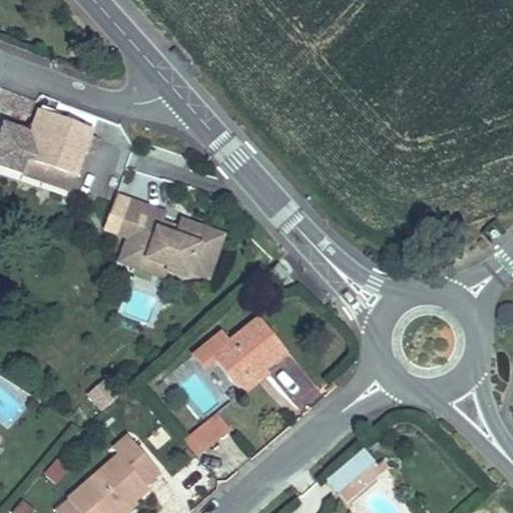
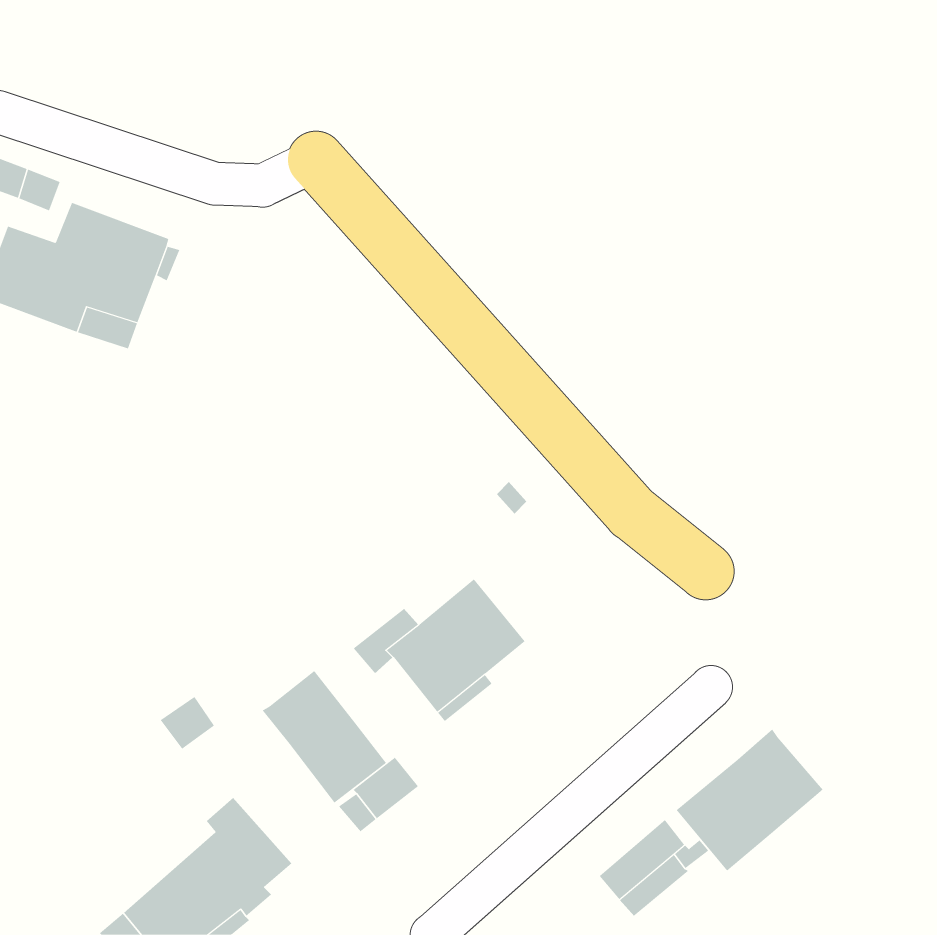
building: [113,196,224,281] -> none
building: none -> [262,670,387,803]
building: none -> [676,728,823,871]

